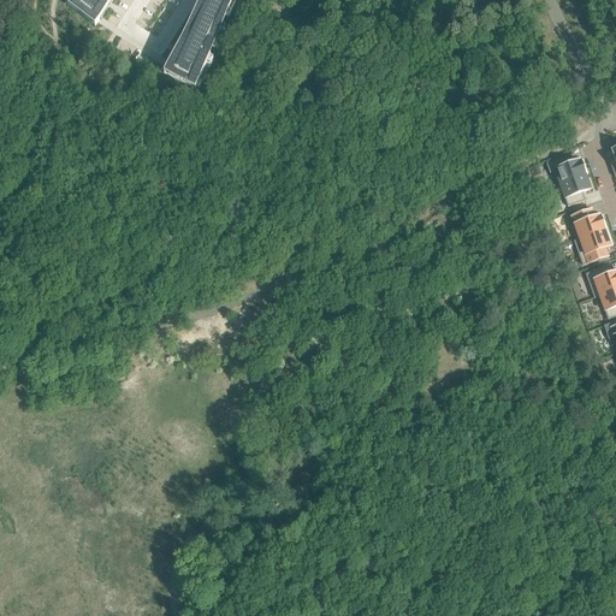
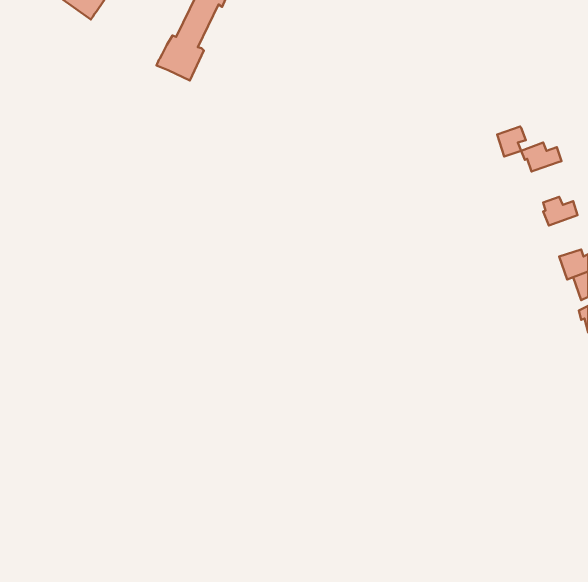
building: [559,170,590,201] -> [497,127,526,156]
building: [570,225,610,261] -> none

